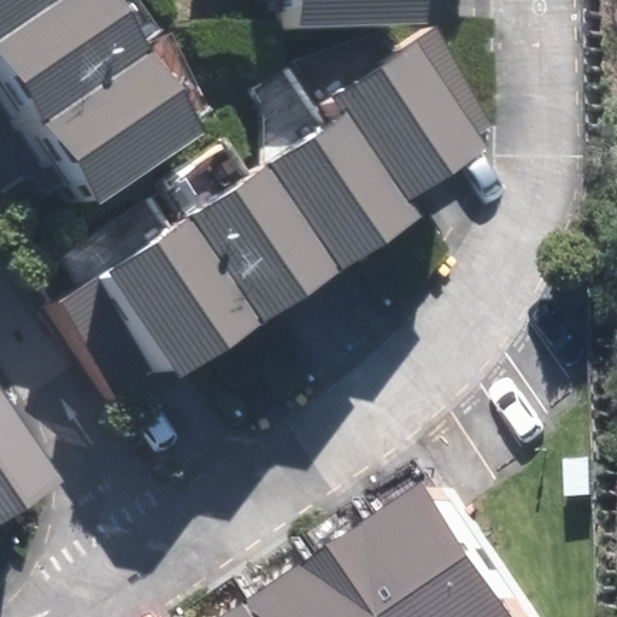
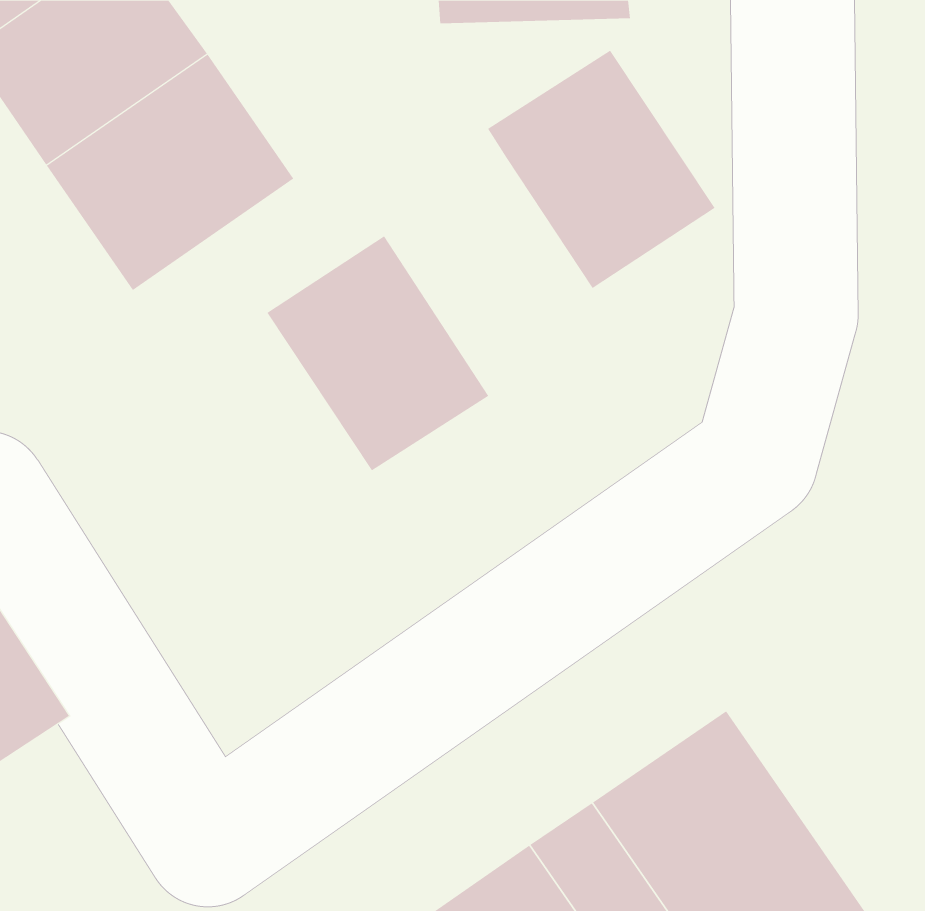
building: [252,123,400,278] -> none
building: [92,224,243,382] -> none

